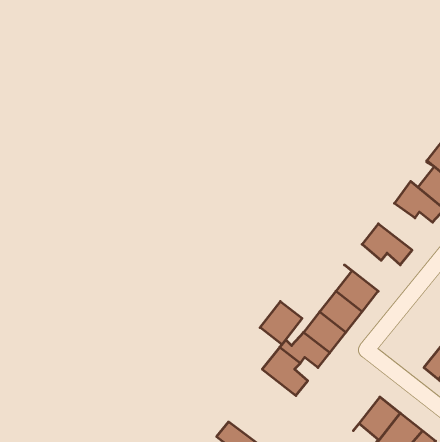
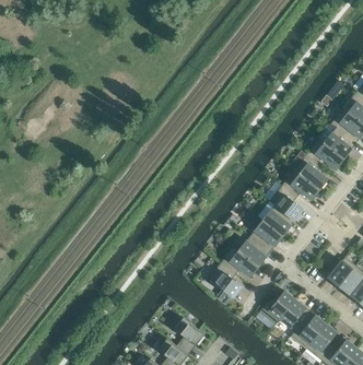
building: none -> [294,155,328,190]
building: none -> [269,186,303,221]
building: [260,301,302,344] -> none
building: none -> [259,291,295,325]

